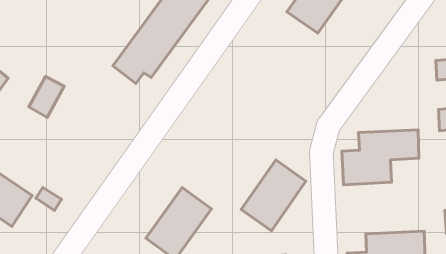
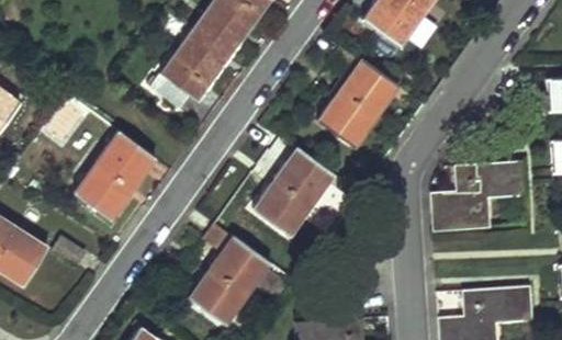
building: none -> [317,59,398,148]
building: none -> [75,131,155,218]
building: [241,160,306,231] -> [255,147,335,235]

